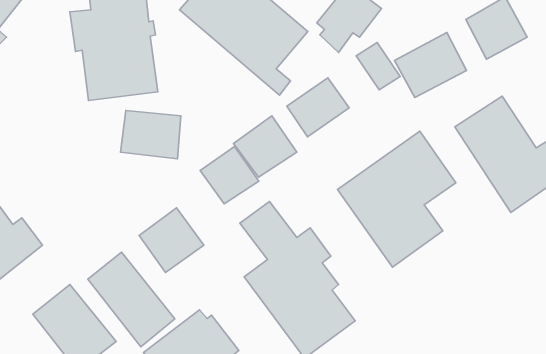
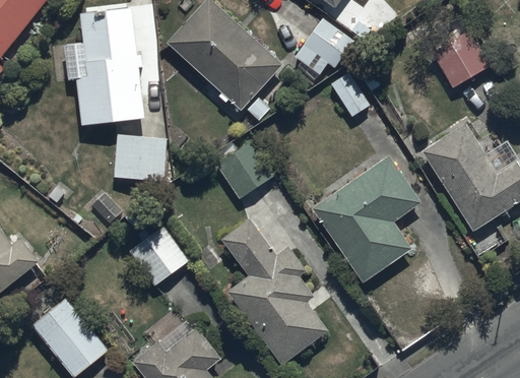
building: [395,32,467,98] -> none
building: [287,78,349,137] -> none
building: [200,146,259,204] -> none
building: [88,252,175,347] -> none

